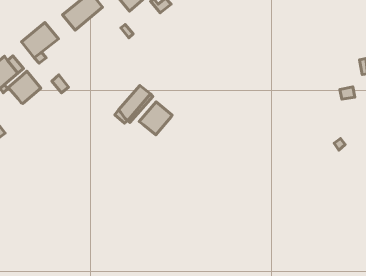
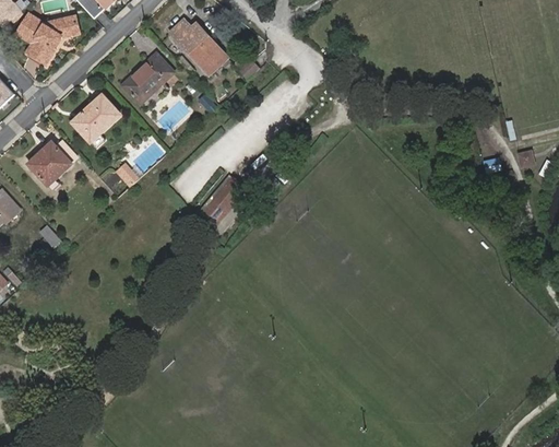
building: [8,71,41,104] -> none
building: [139,102,172,135] -> none

